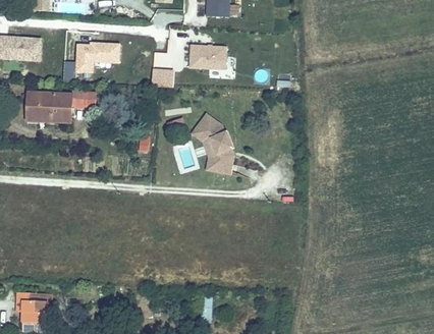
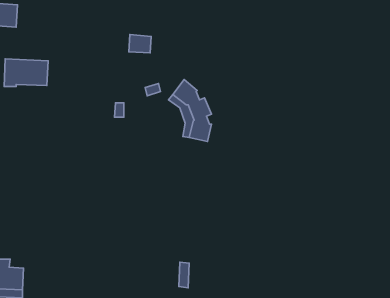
building: [75,42,119,71] -> none
building: [189,45,225,68] -> none
building: [71,89,95,107] -> none

